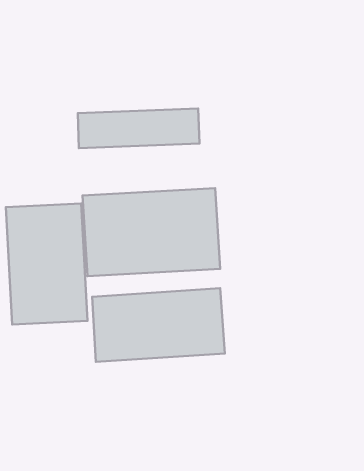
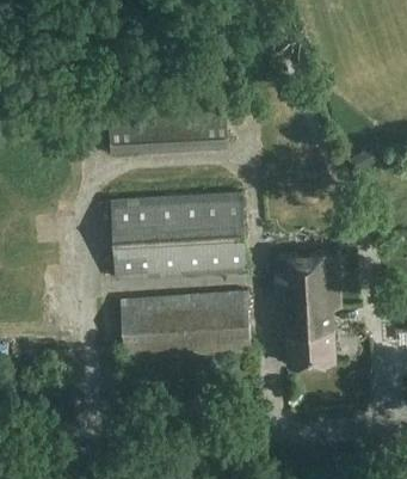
building: [6,204,88,325] -> none
building: none -> [276,253,340,366]

